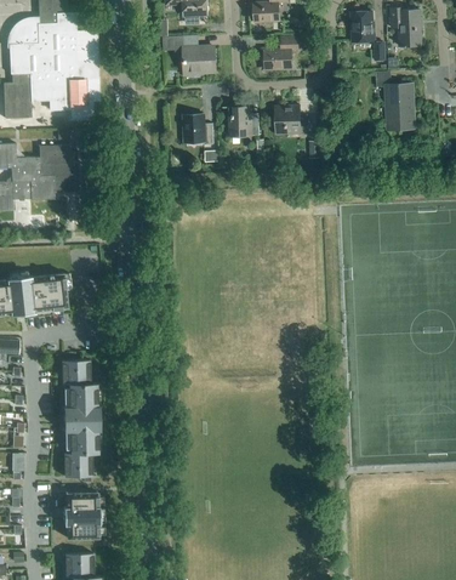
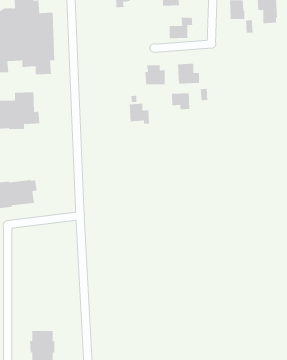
building: [161,35,213,73] -> none
building: [375,72,414,130] -> none
building: [182,114,212,144] -> [129,103,150,124]
building: none -> [171,93,190,110]
building: [59,360,98,477] -> none

